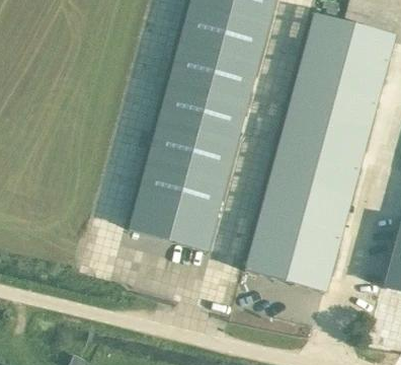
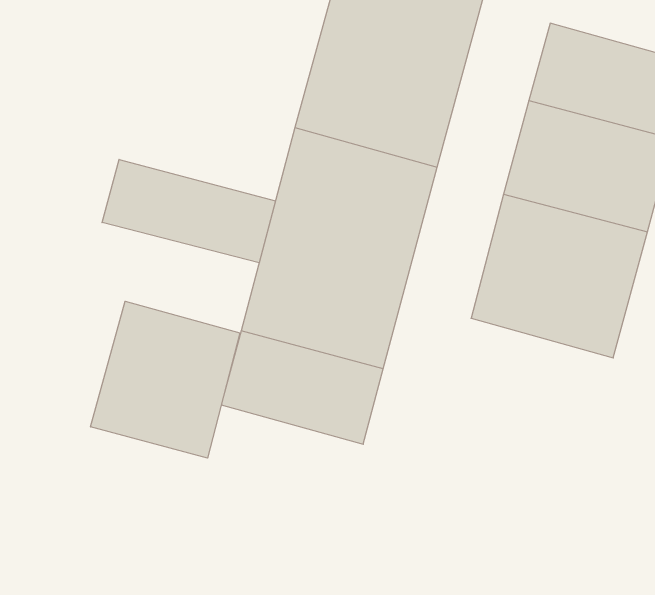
building: none -> [102,159,275,263]
building: none -> [91,301,240,458]
building: [246,179,350,292] -> none

